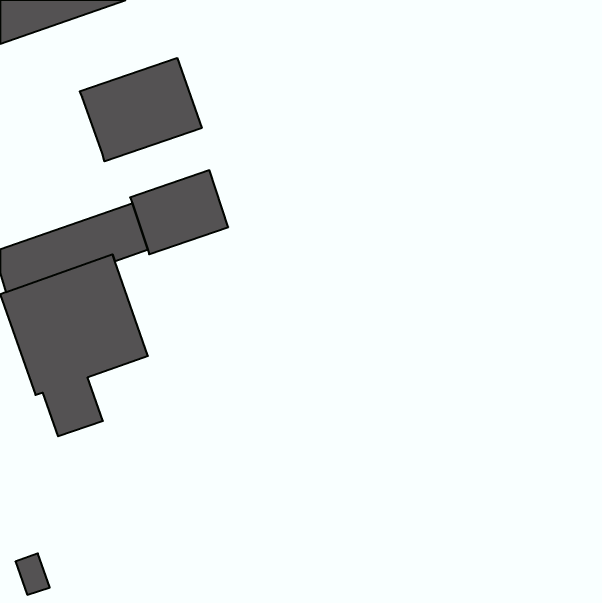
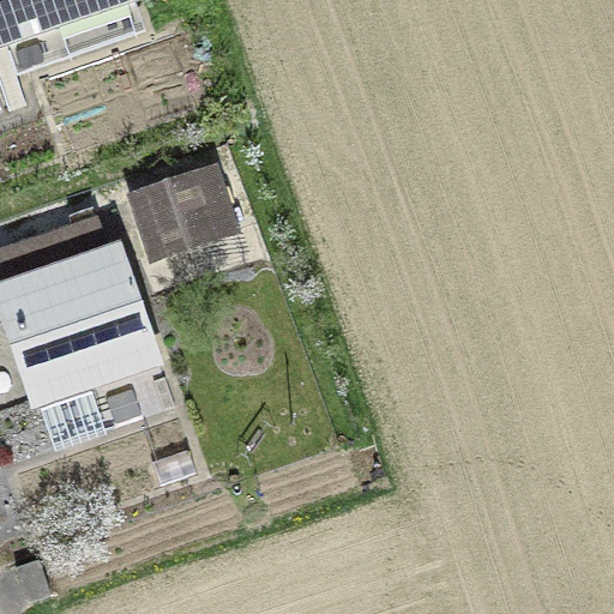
building: [80,58,202,161] -> none

